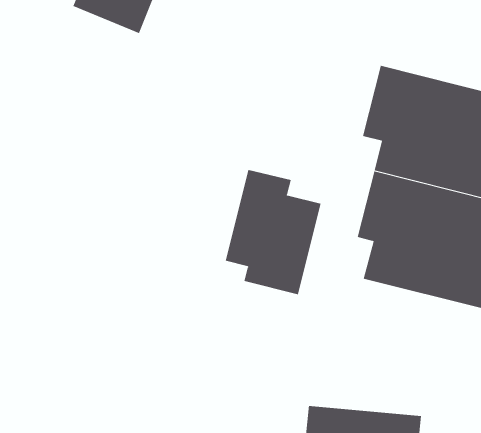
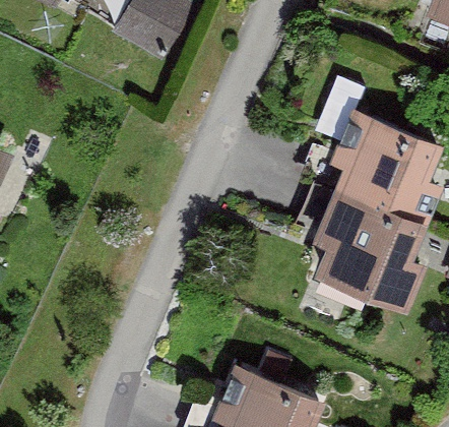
building: [225,169,321,295] -> none

